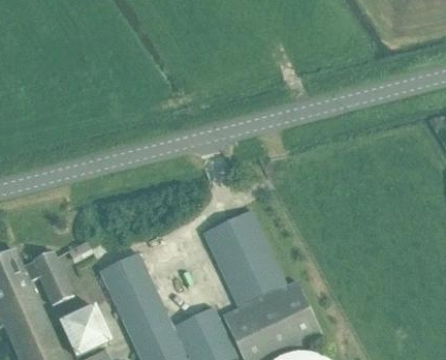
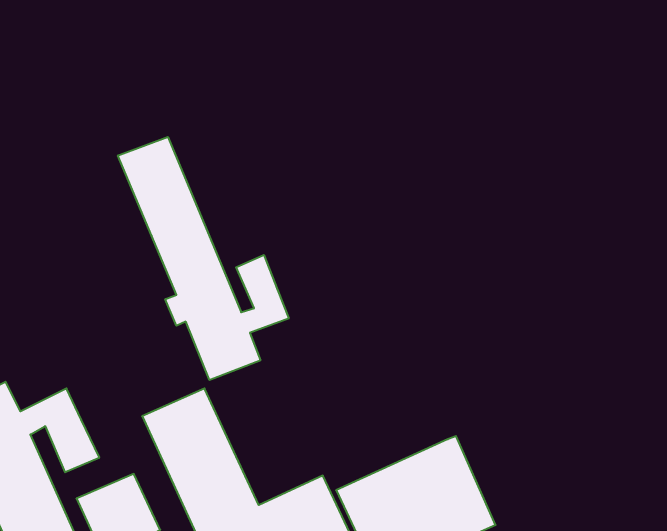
building: none -> [118,137,289,380]
building: [203,210,286,307] -> none

